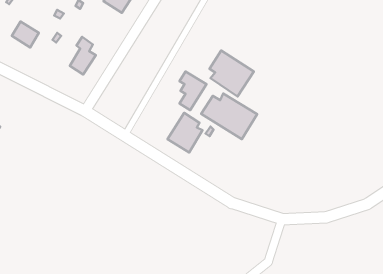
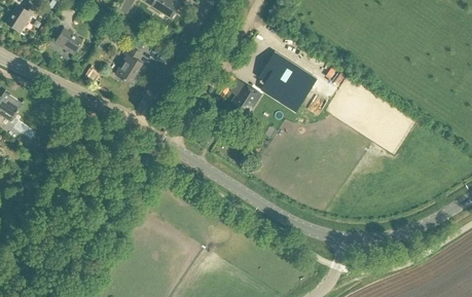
building: [201,93,257,139] -> none
building: [168,113,203,153] -> none

